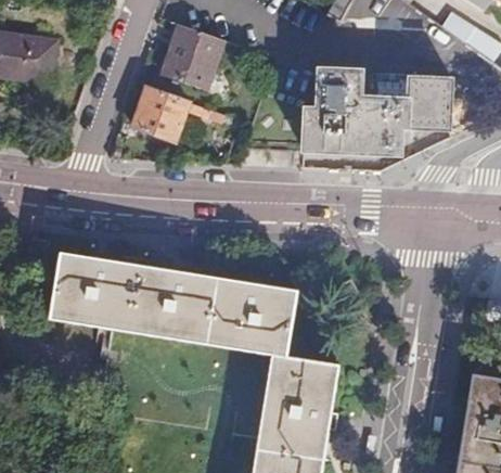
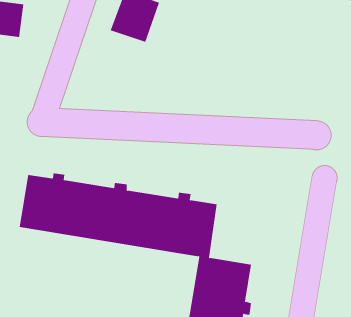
building: [304,71,448,151] -> none
building: [133,86,223,143] -> none

